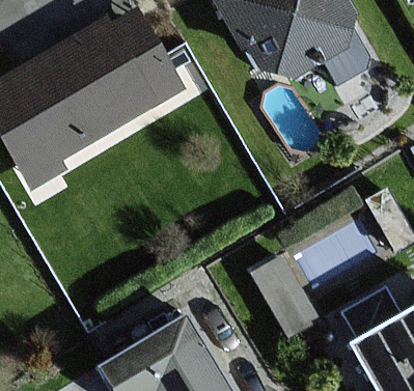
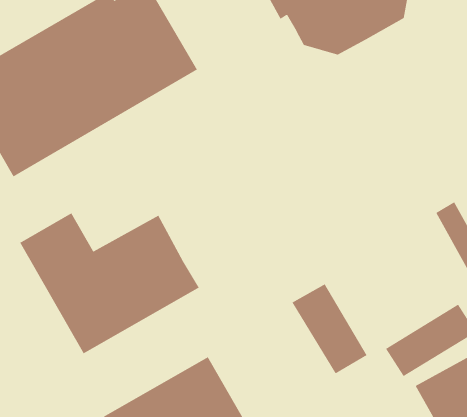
building: none -> [19,213,200,354]

